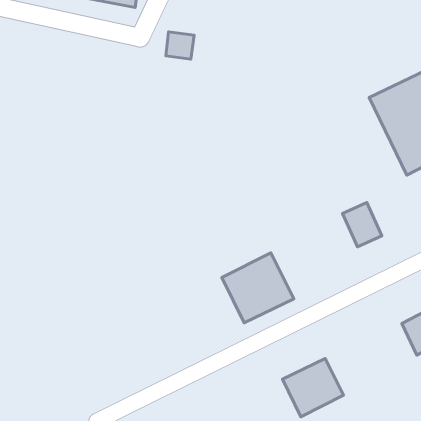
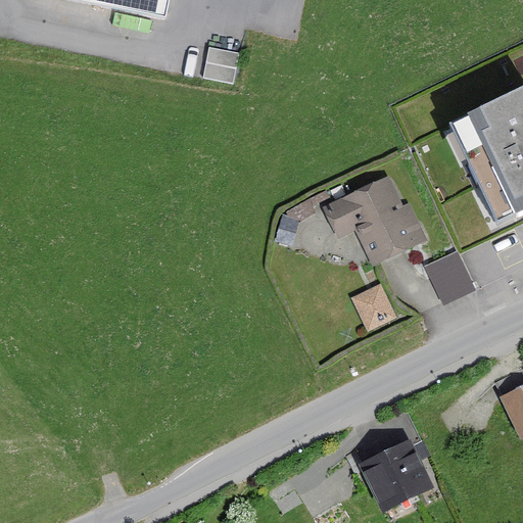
building: none -> [323,177,426,265]
building: none -> [352,285,395,329]
building: [222,253,294,323] -> none

